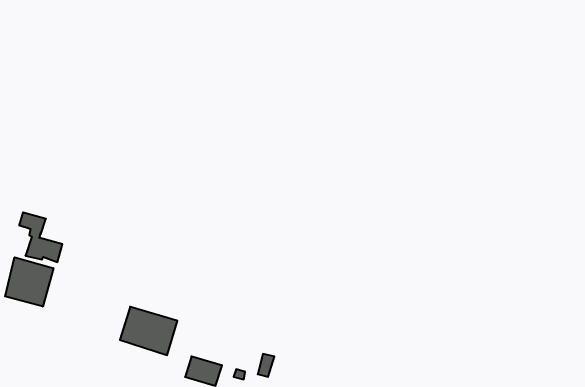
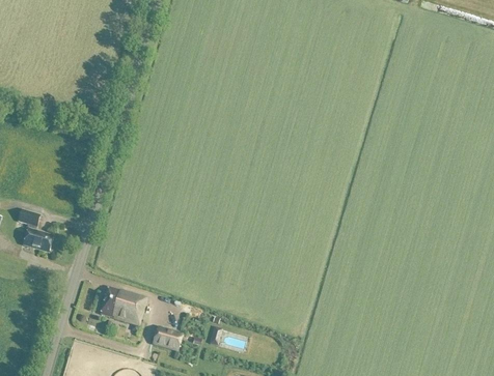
building: [5,257,53,307] -> none

